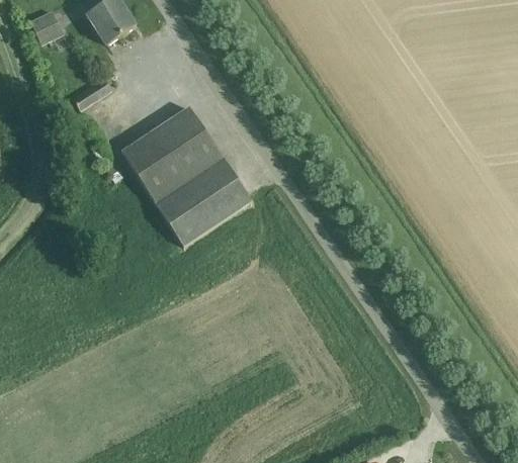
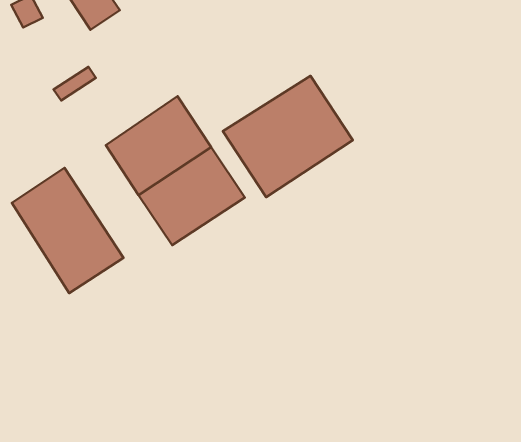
building: none -> [223,76,353,197]
building: none -> [12,168,124,293]

